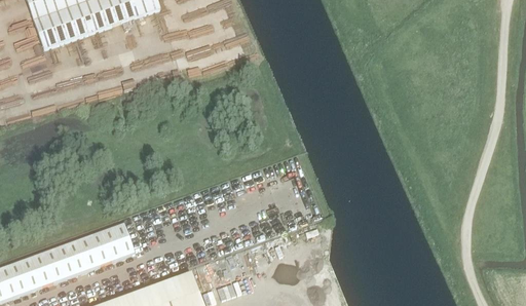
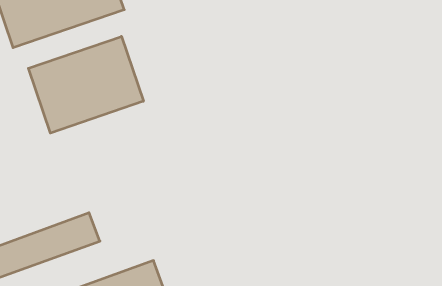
building: none -> [28,36,143,133]

